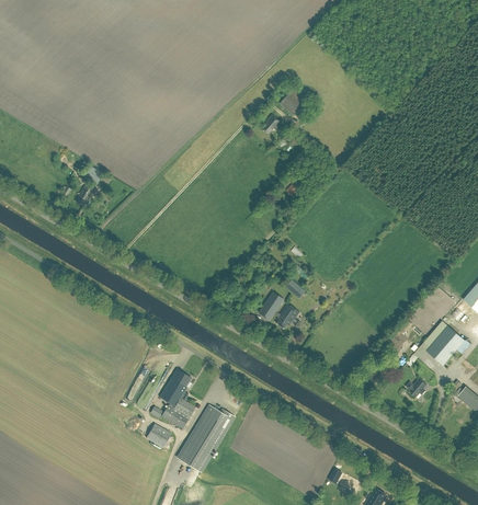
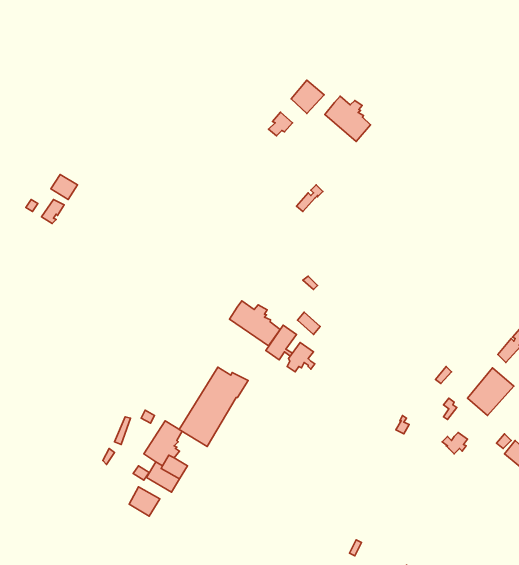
building: none -> [325,96,371,141]
building: none -> [229,301,280,346]
building: [177,405,234,471] -> [179,367,248,447]

